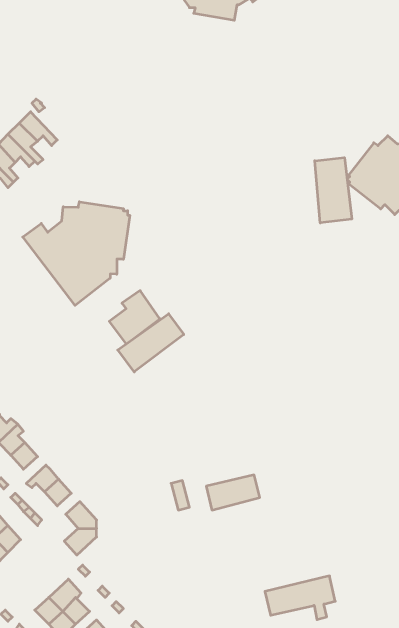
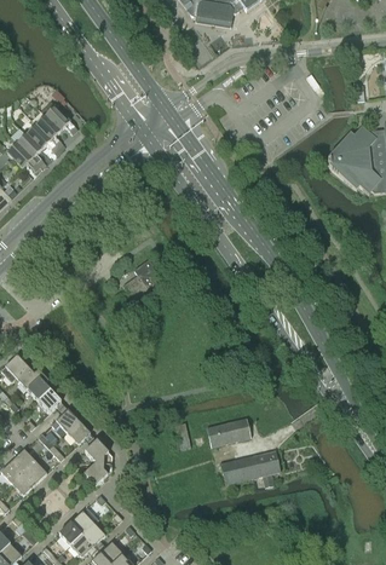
building: [315,158,352,223] -> none
building: [23,202,130,305] -> none
building: [118,314,184,372] -> none
building: [265,576,335,620] -> [220,448,281,485]

